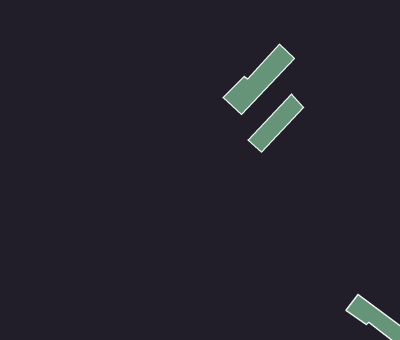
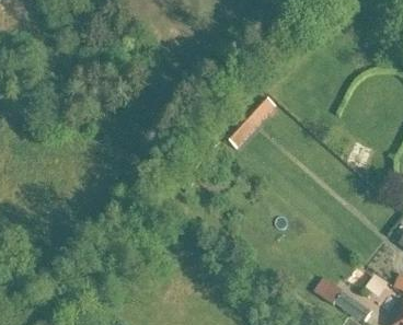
building: [223,44,294,114] -> none

